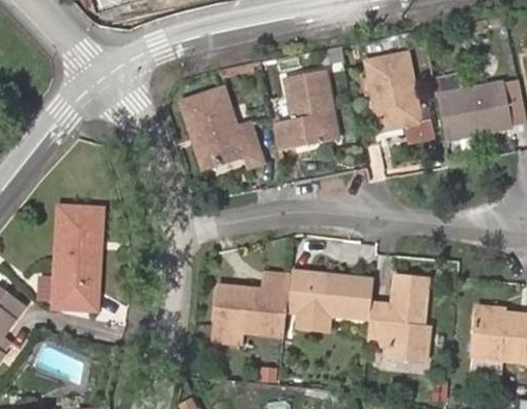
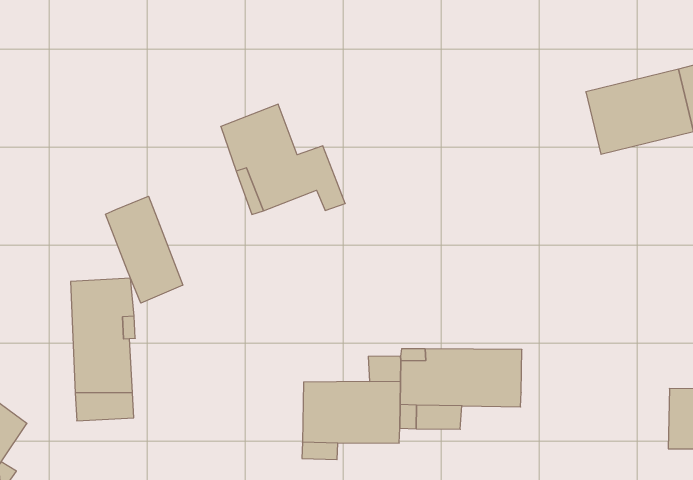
building: [359,51,426,140] -> none
building: [268,74,325,153] -> none
building: none -> [106,196,183,303]
building: [372,276,435,359] -> none

